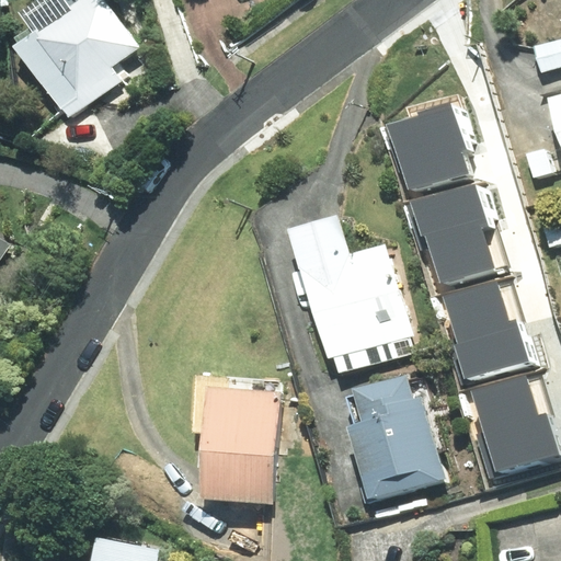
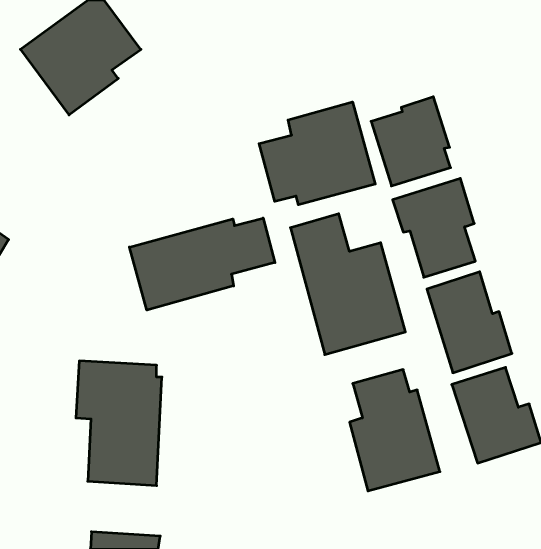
building: none -> [259,102,375,205]
building: none -> [129,218,275,310]
building: [195,378,283,505] -> [76,361,162,486]

